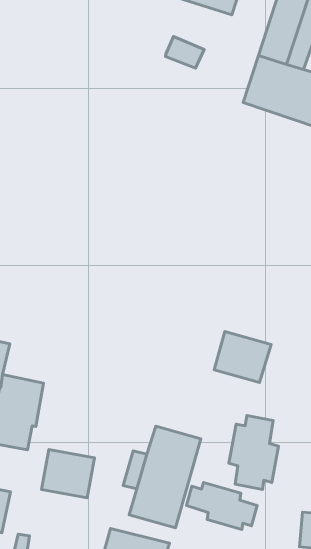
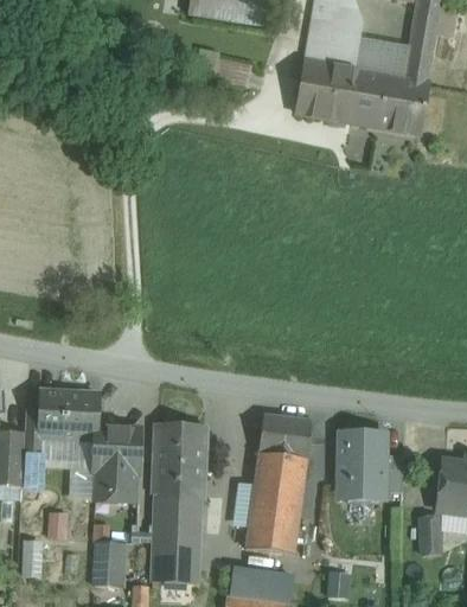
building: [214,331,271,382] -> [258,414,312,460]
building: none -> [154,426,204,496]
building: [186,482,257,529] -> none
building: none -> [151,536,200,584]

